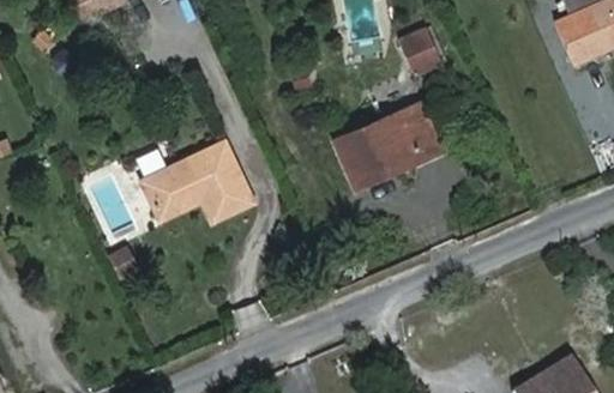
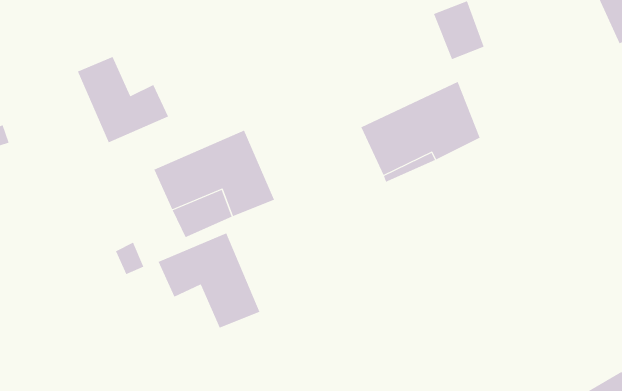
building: none -> [77,56,169,143]
building: none -> [158,232,260,329]

